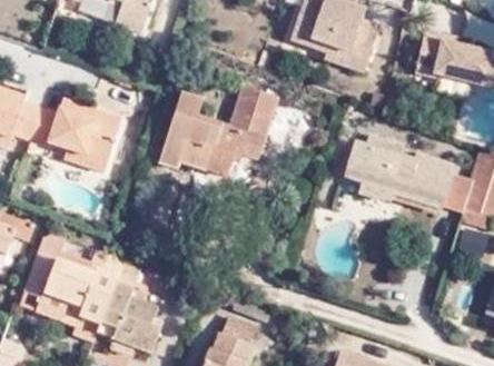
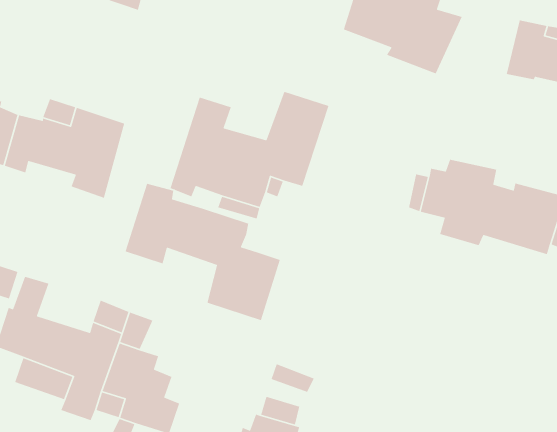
building: none -> [124,183,281,321]

